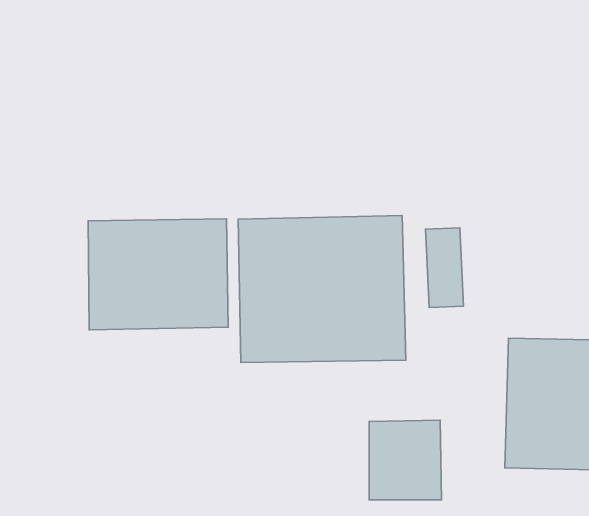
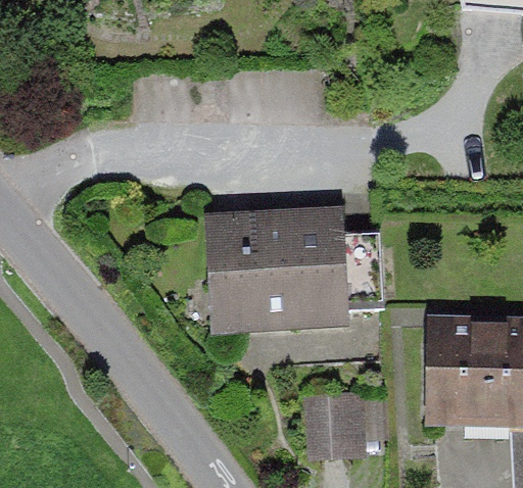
building: [88,219,228,330] -> none

